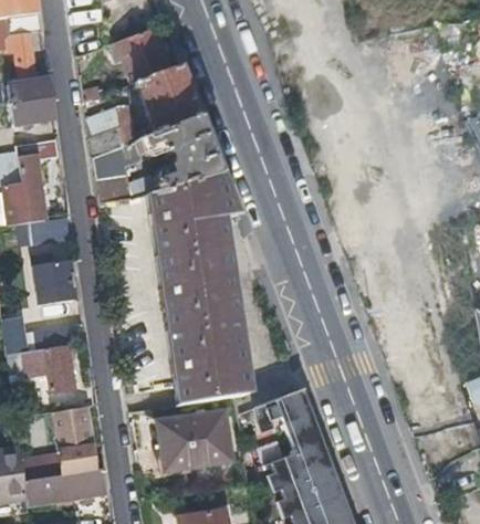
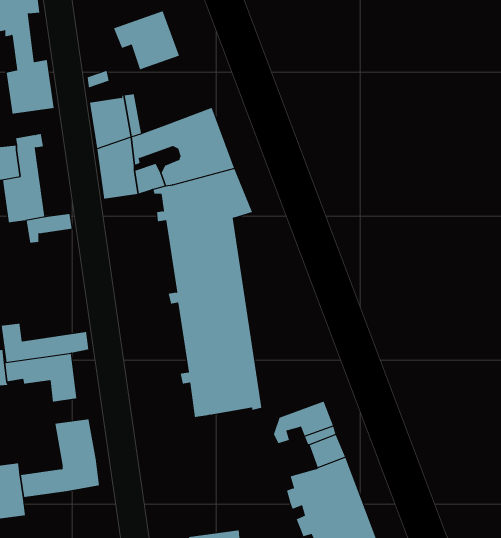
building: [136,67,200,135] -> none
building: [38,255,76,304] -> none
building: [159,413,231,469] -> none
building: [25,468,108,505] -> none

